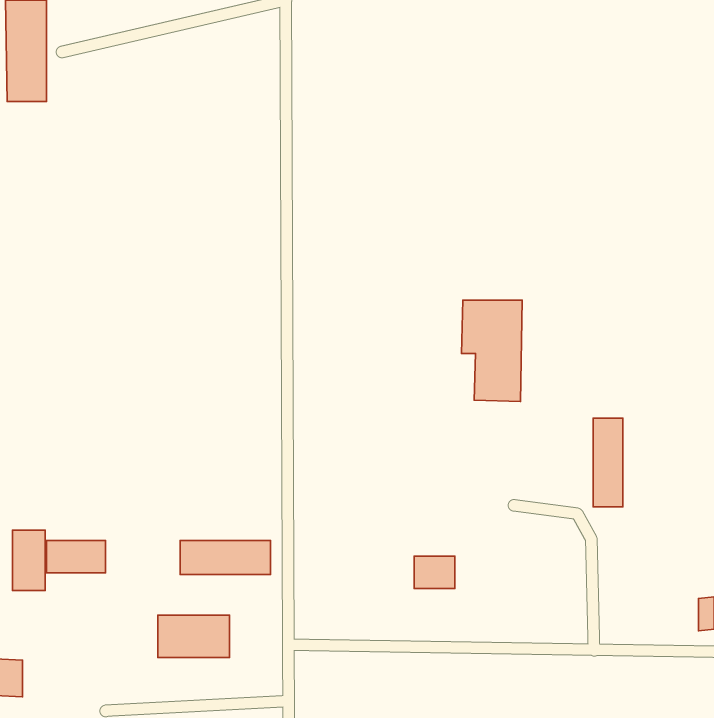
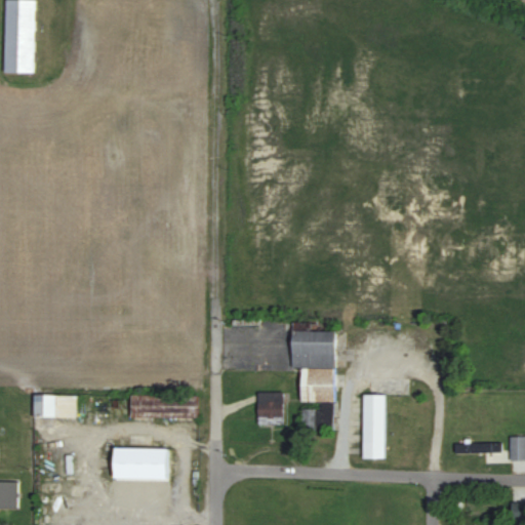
building: [462,300,522,401] -> [291,329,335,403]
building: [593,418,623,507] -> [363,394,385,458]
building: [13,530,45,591] -> none
building: none -> [257,393,283,425]

